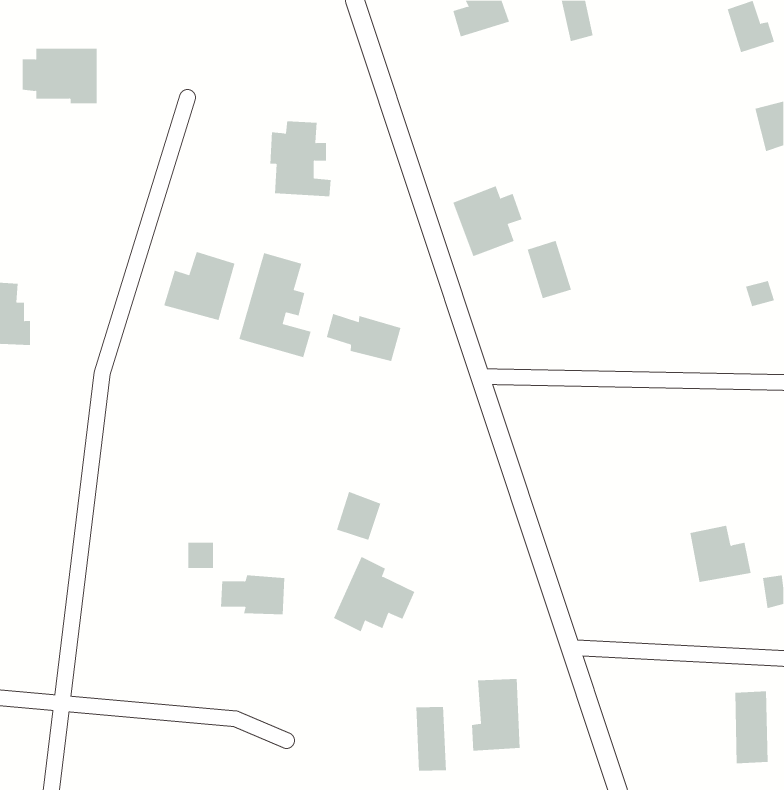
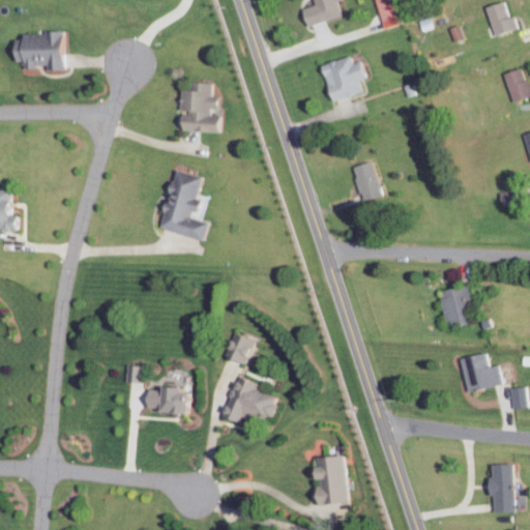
building: [453,185,522,257] -> [321,55,367,102]
building: [164,251,235,321] -> none
building: [326,313,401,362] -> none
building: none -> [439,284,474,329]
building: [416,706,446,771] -> none

